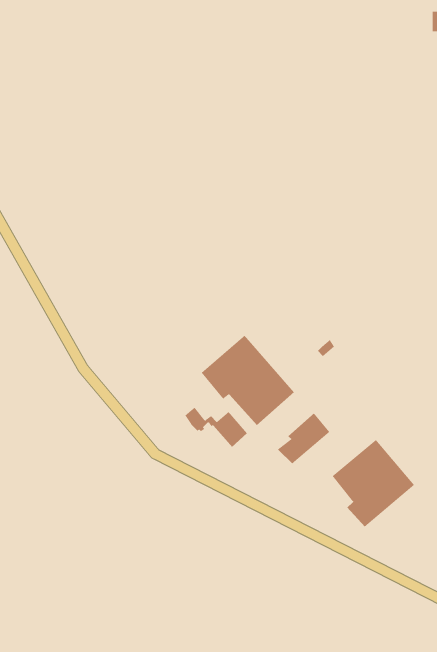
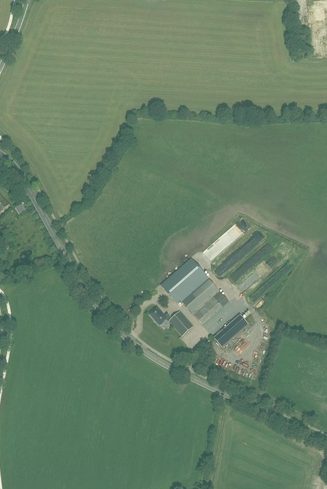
building: [332,439,415,528] -> none

